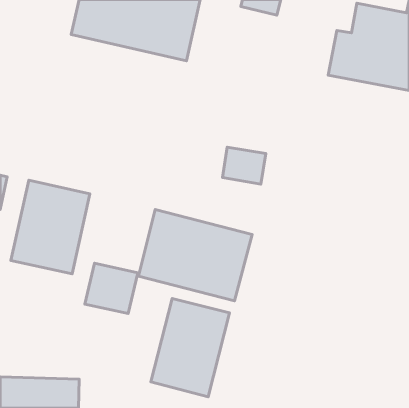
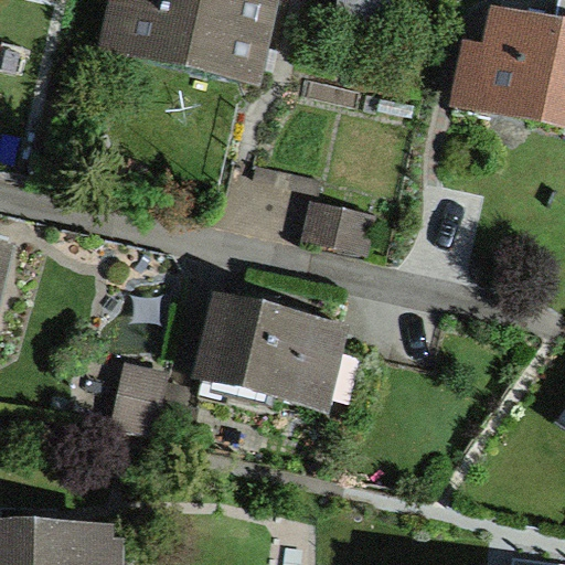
building: [11,180,90,274] -> none
building: [151,298,230,397] -> none

